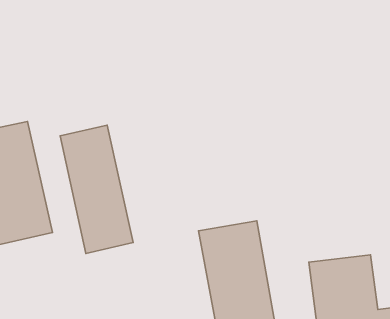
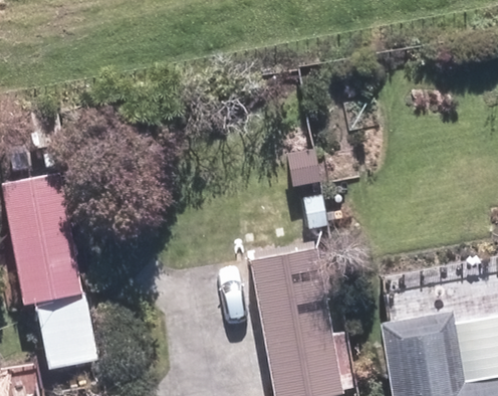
building: [60,125,133,254] -> none

